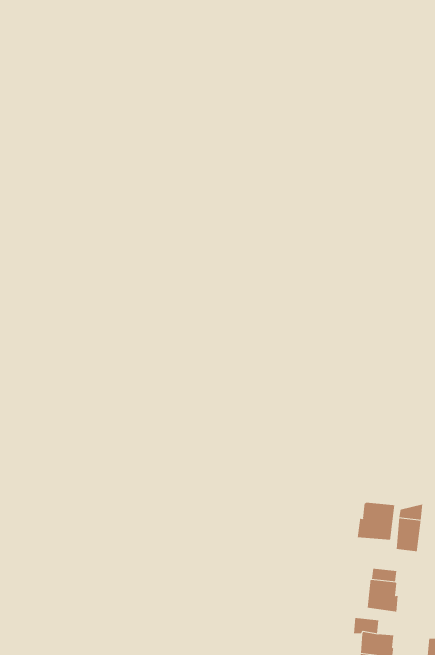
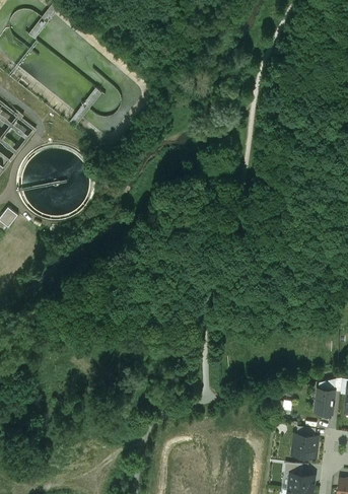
building: [357,502,395,540] -> none

